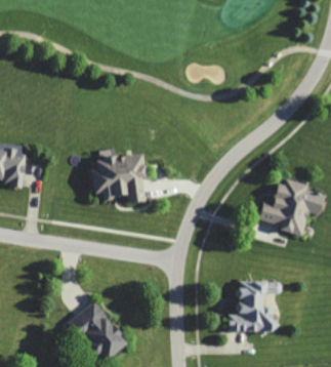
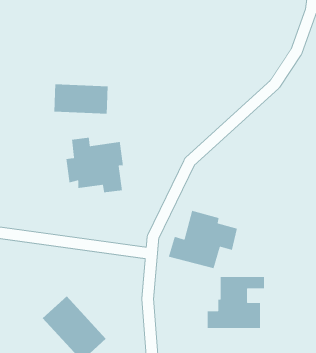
building: none -> [53,83,109,114]
building: [258,177,325,234] -> [168,210,238,269]

